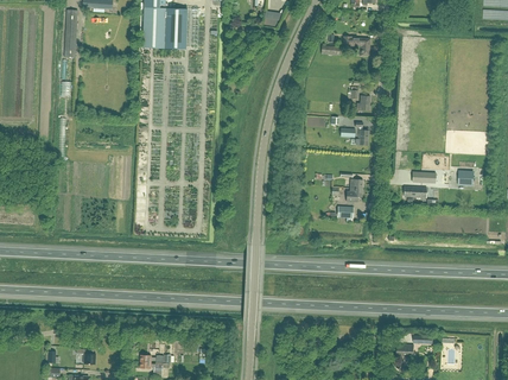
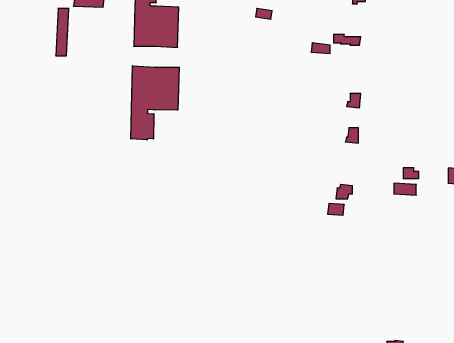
building: none -> [131,66,179,140]

